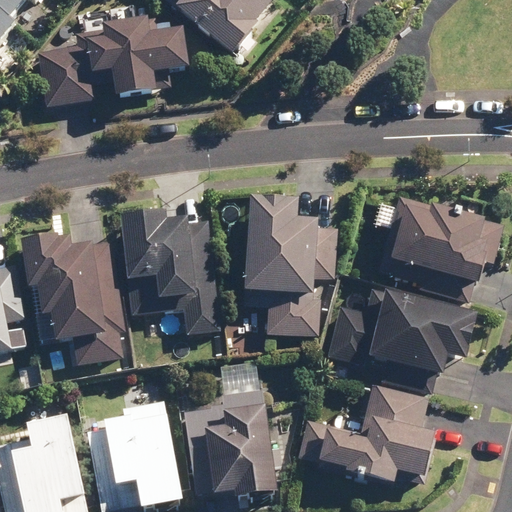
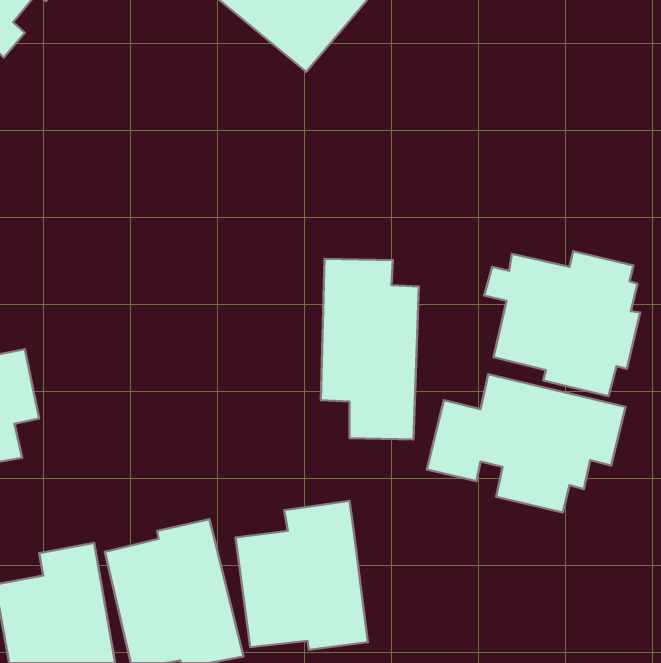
building: [41,19,188,103] -> none
building: [119,212,221,337] -> none
building: [21,227,126,365] -> none
building: [295,386,436,484] -> none

